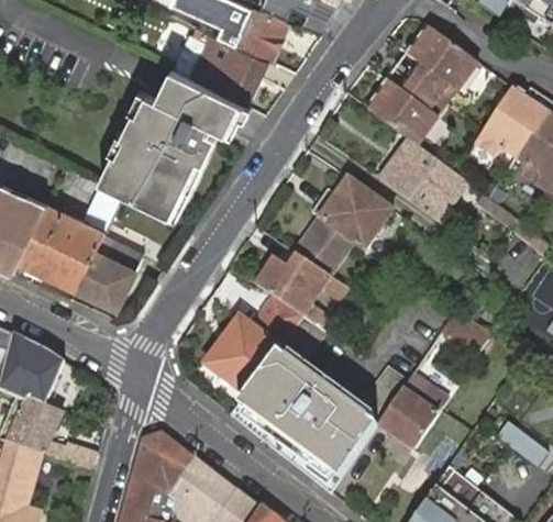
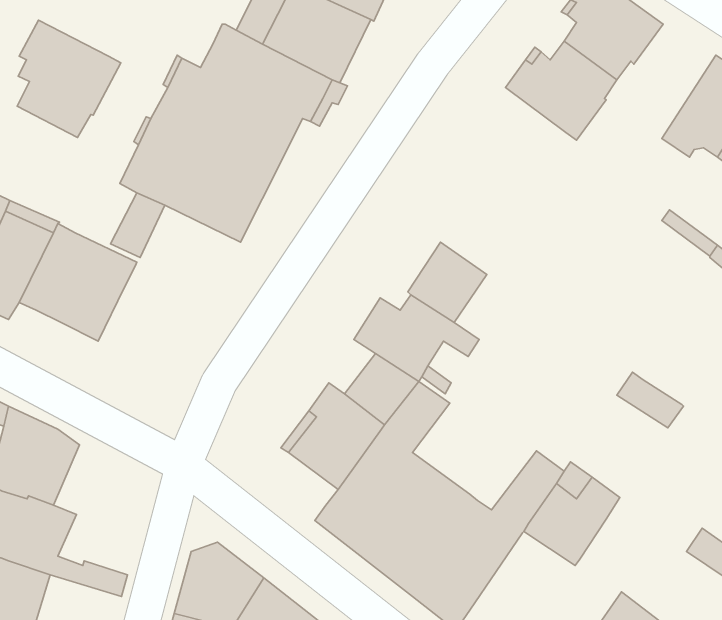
building: none -> [17,20,121,138]
building: [379,140,469,224] -> none
building: [320,178,394,249] -> none
building: [77,234,143,307] -> none

